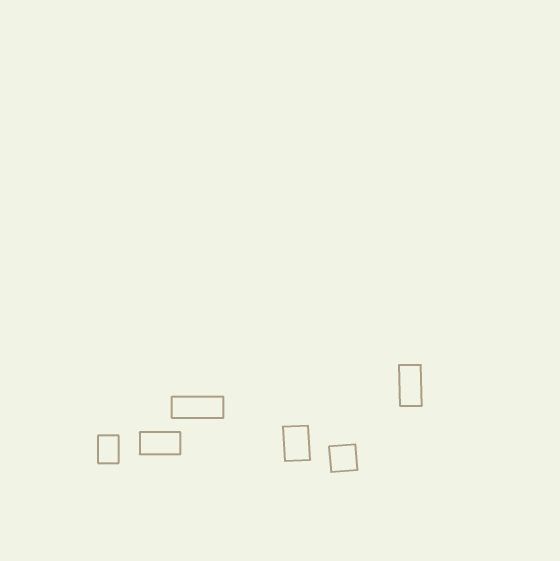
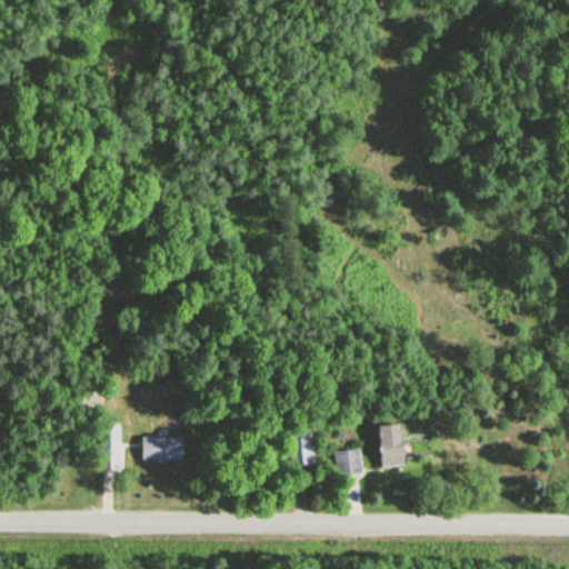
building: [399,365,422,406] -> [381,425,405,466]
building: [172,397,223,418] -> none

